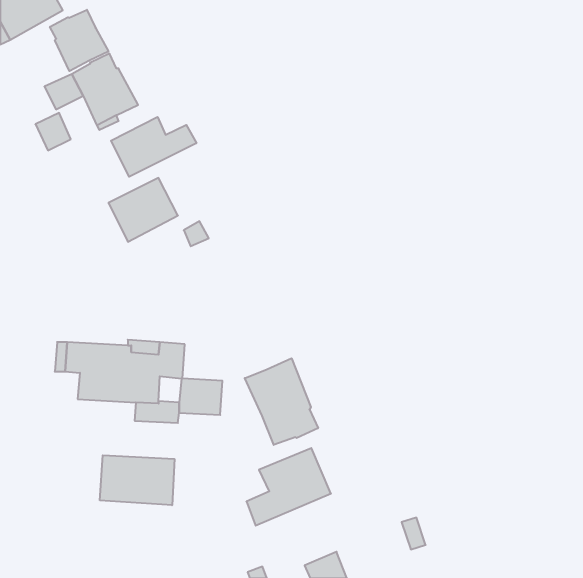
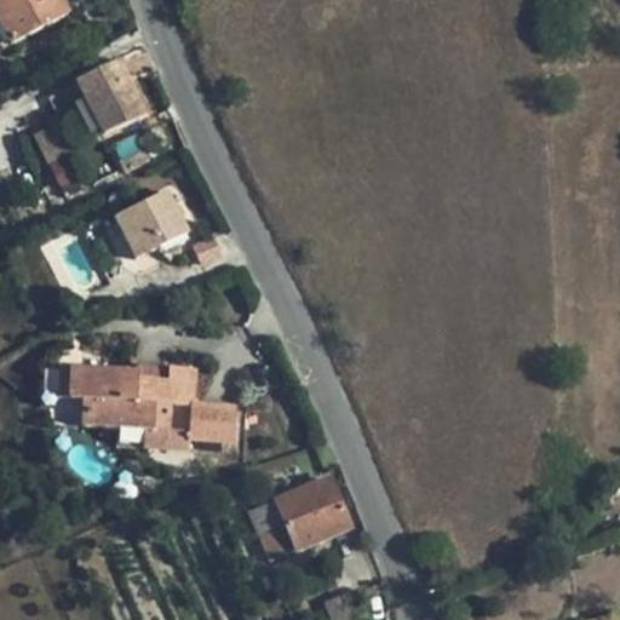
building: [50,10,108,71] -> none
building: [111,117,196,177] -> none
building: [245,358,318,445] -> none
building: [100,455,174,505] -> none

